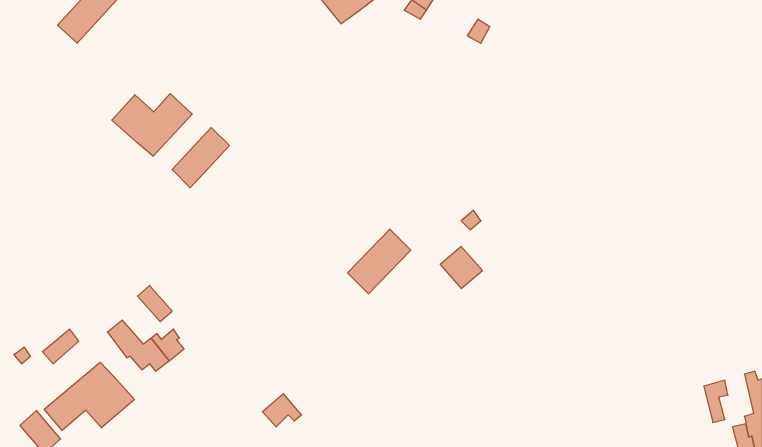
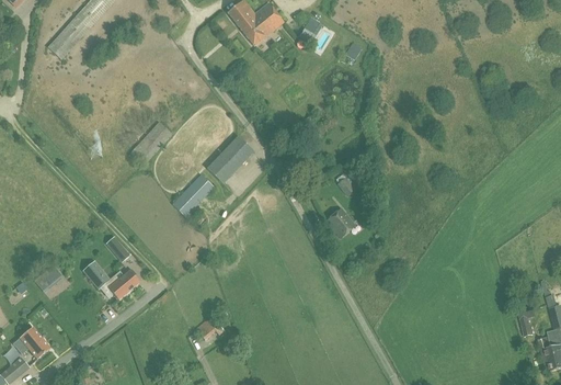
building: [112,94,192,156] -> none
building: none -> [172,173,215,220]
building: [348,229,411,294] -> [207,136,253,183]
building: [44,362,134,431] -> none

